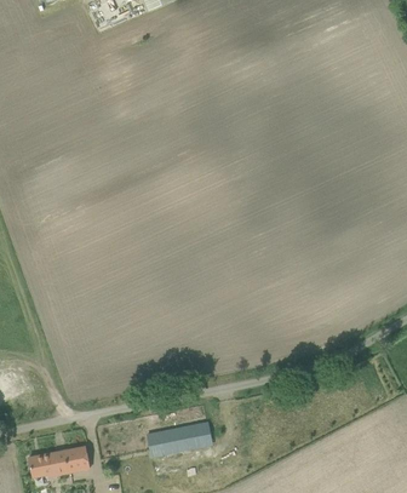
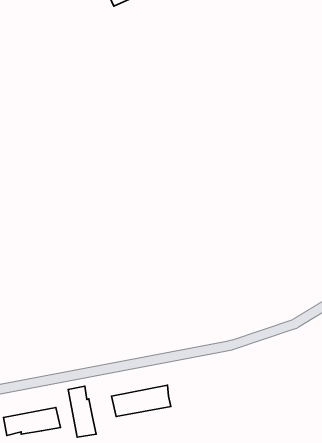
building: none -> [68,386,96,437]

